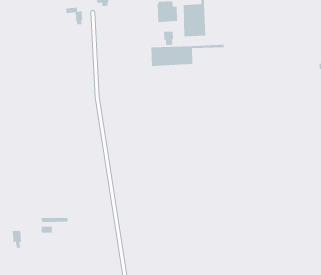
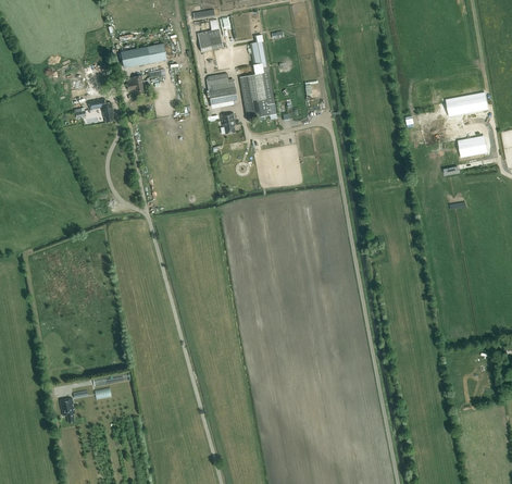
building: [151,44,224,67] -> none

